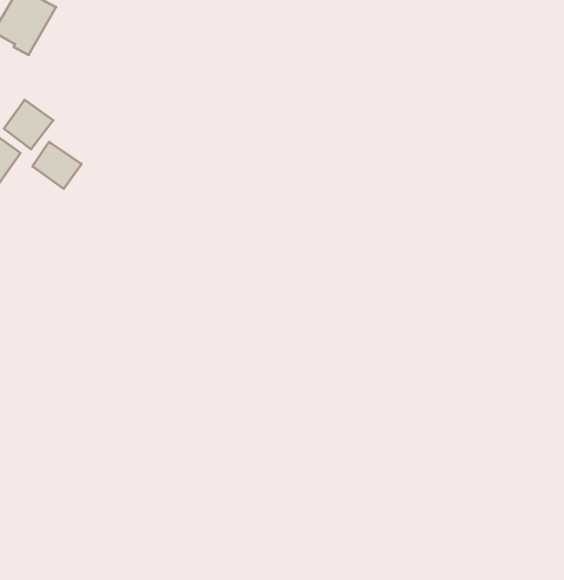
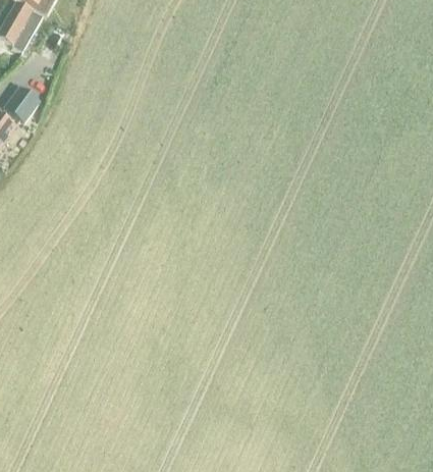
building: [33,142,81,189] -> none

